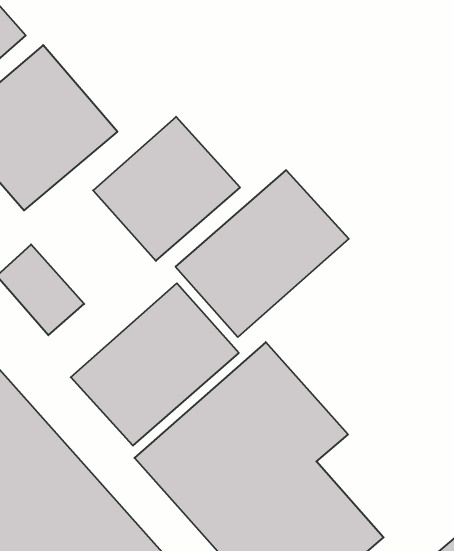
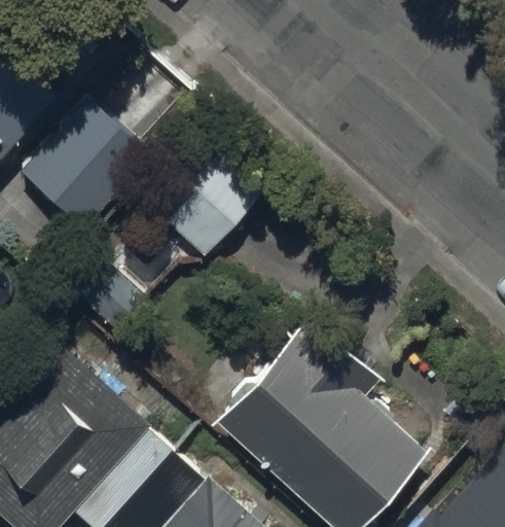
building: [176,170,349,337] -> none
building: [71,283,239,446] -> none

